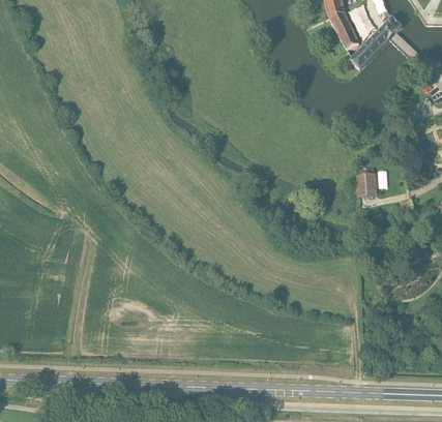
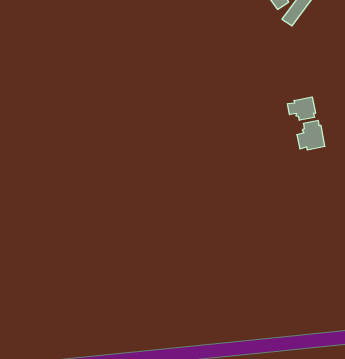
building: none -> [288,97,315,120]

